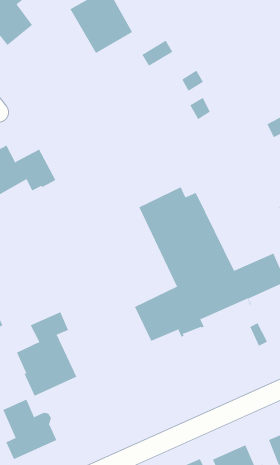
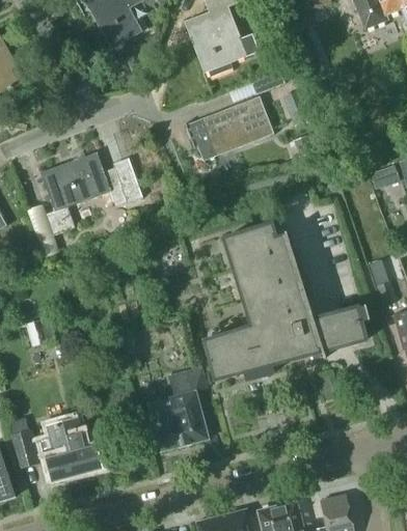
building: none -> [186,94,274,161]
building: [16,311,77,397] -> [150,367,209,451]

